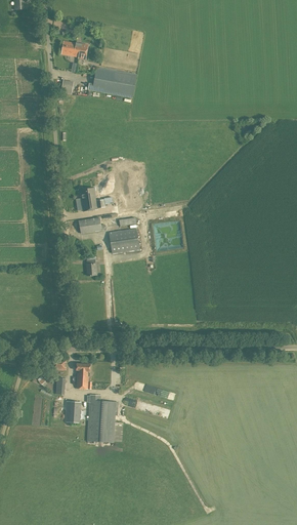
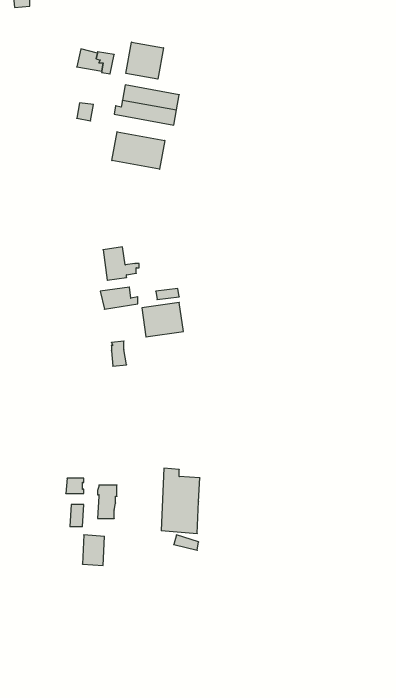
building: none -> [126,42,163,79]
building: none -> [112,132,165,169]
building: [87,394,116,442] -> [161,468,200,533]

